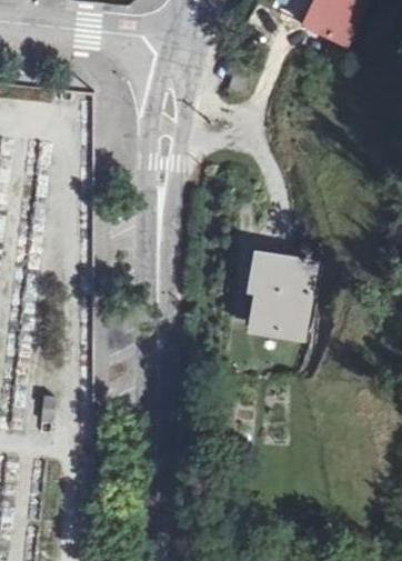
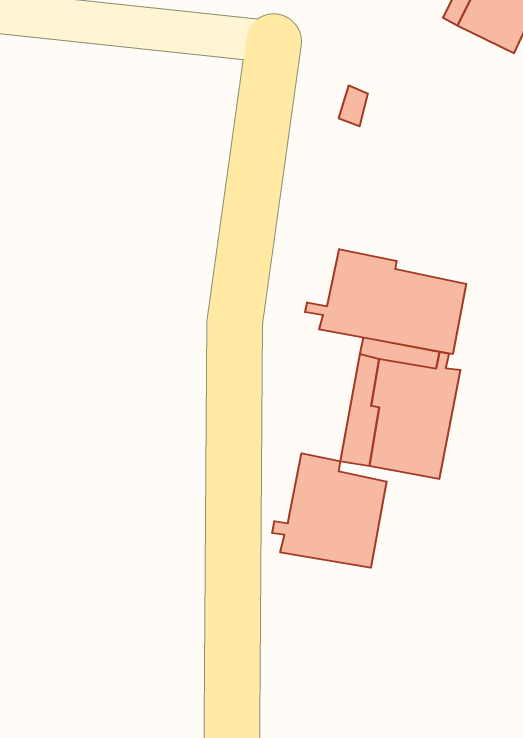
building: none -> [305,249,466,354]
building: none -> [272,453,387,568]

